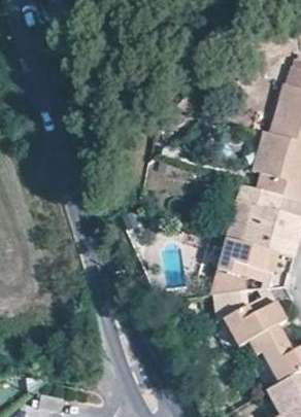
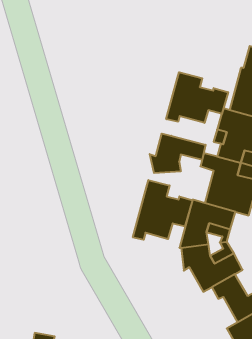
building: none -> [166,72,228,123]
building: none -> [150,134,206,173]
building: none -> [133,180,192,240]

